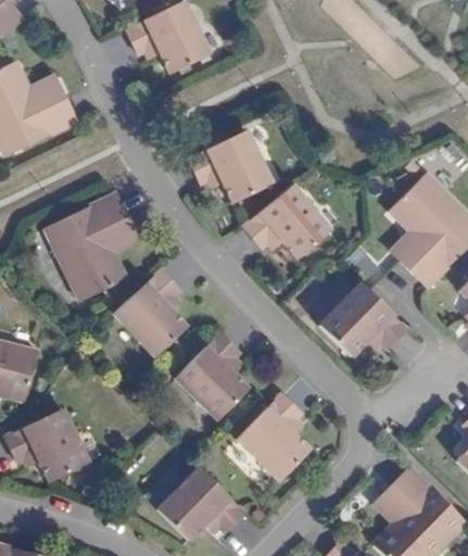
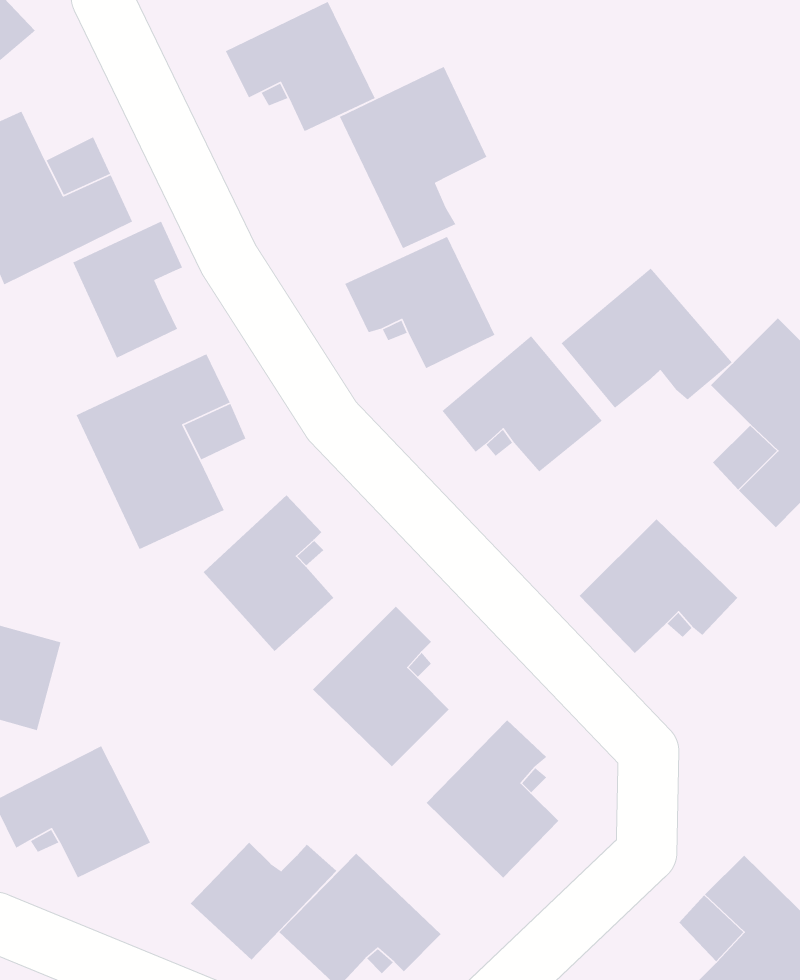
building: none -> [339,66,488,249]
building: none -> [72,220,183,359]
building: none -> [560,268,733,409]
building: none -> [190,842,337,961]

